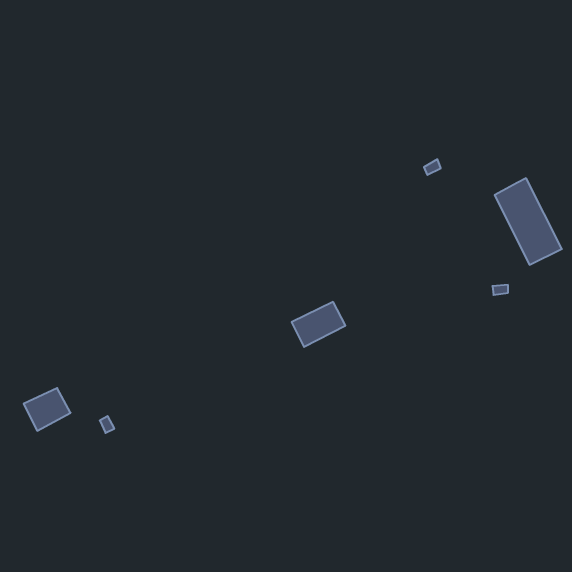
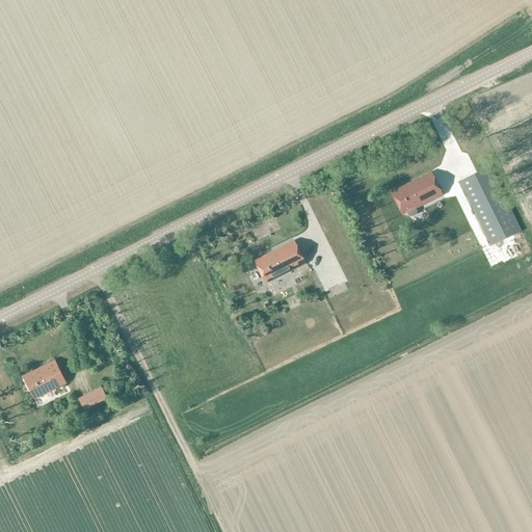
building: none -> [391,172,441,214]
building: [292,302,345,347] -> [254,241,303,283]

